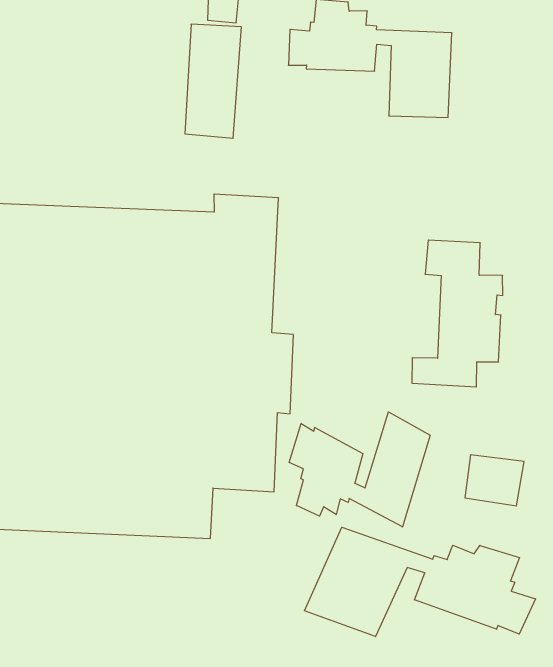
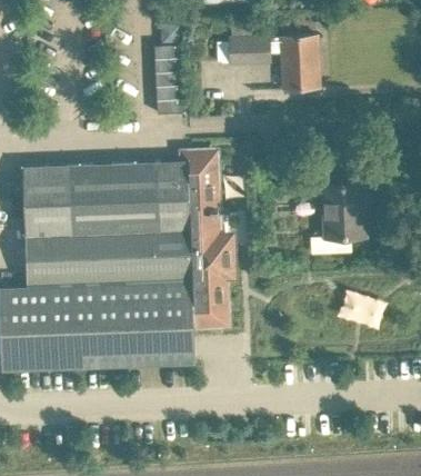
building: [289,412,430,527] -> none
building: [304,527,535,637] -> none

